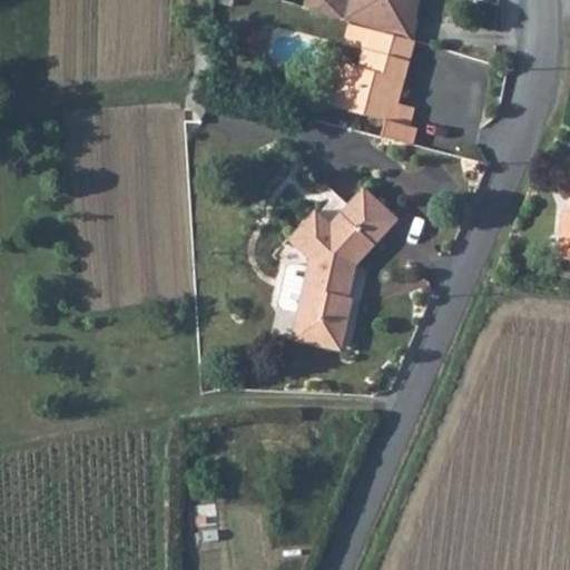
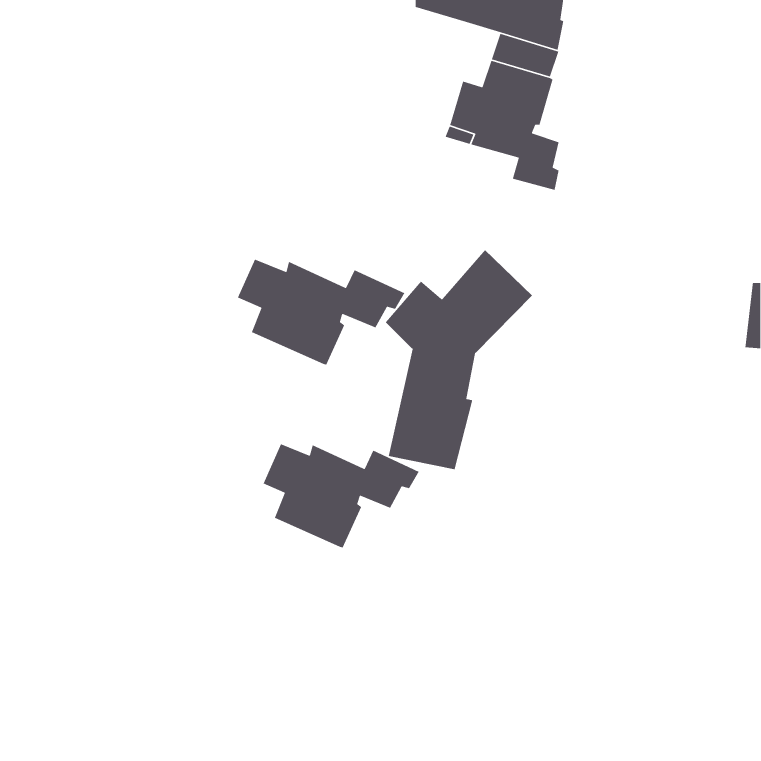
building: none -> [237,258,405,366]
building: none -> [262,443,420,549]

